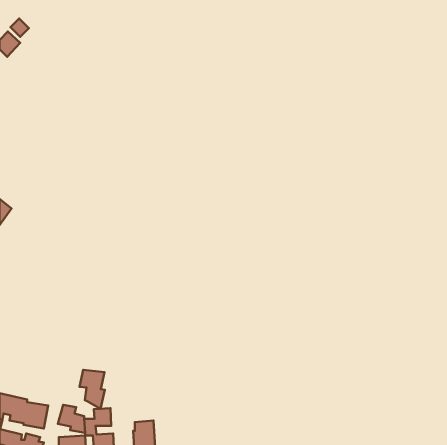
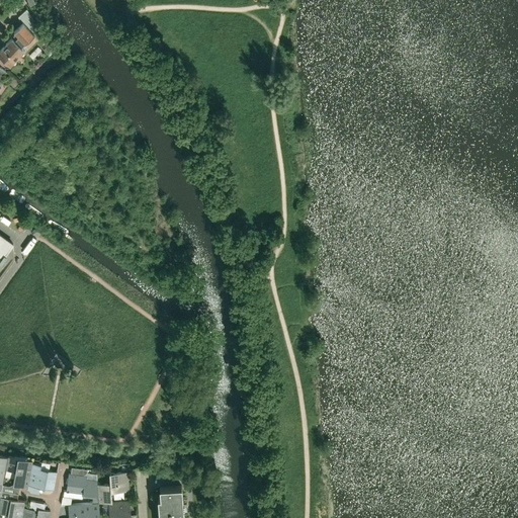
building: [80,370,105,409] -> none

